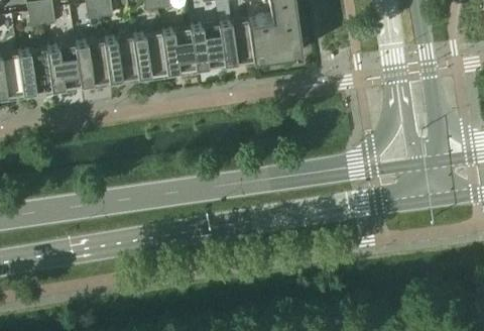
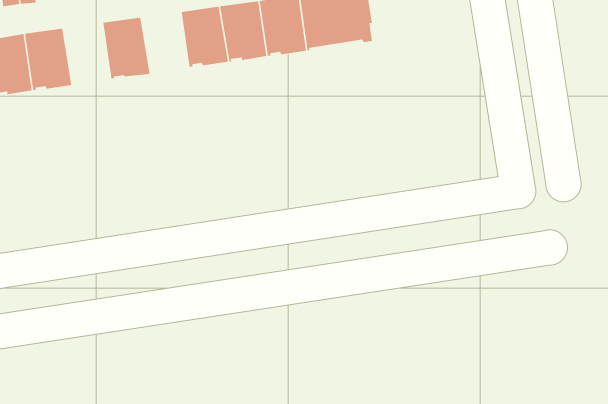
building: [132,31,167,78] -> none
building: [75,39,110,86] -> none

